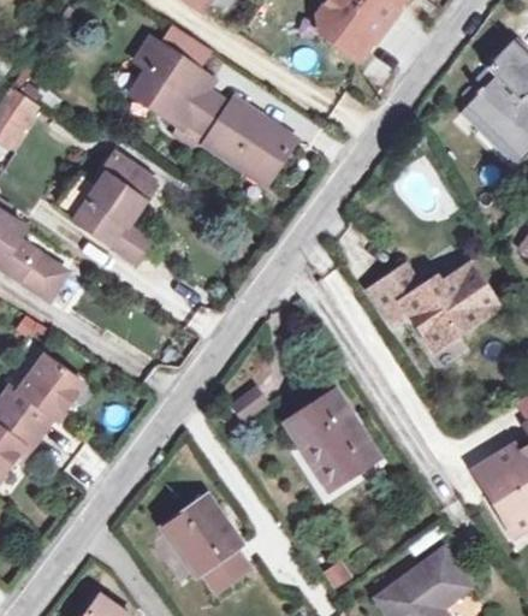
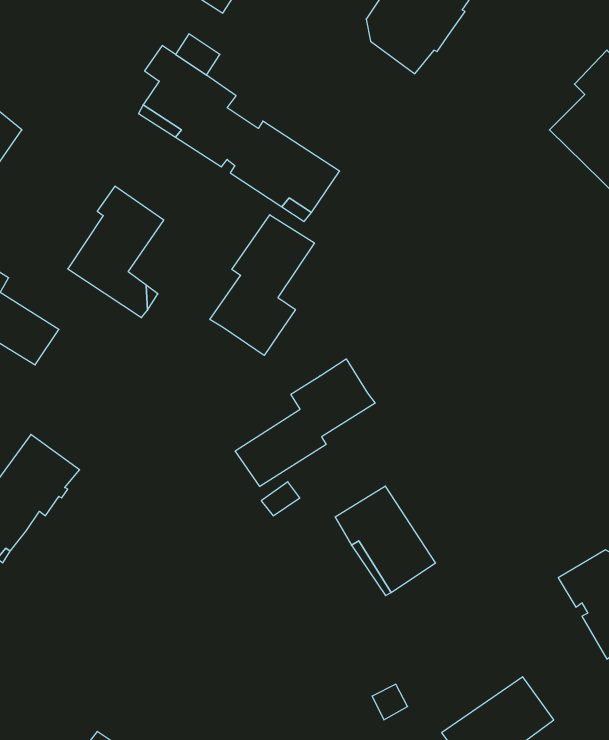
building: none -> [210,215,314,355]
building: [369,263,499,350] -> none
building: none -> [235,359,375,486]
building: [162,496,249,591] -> none

